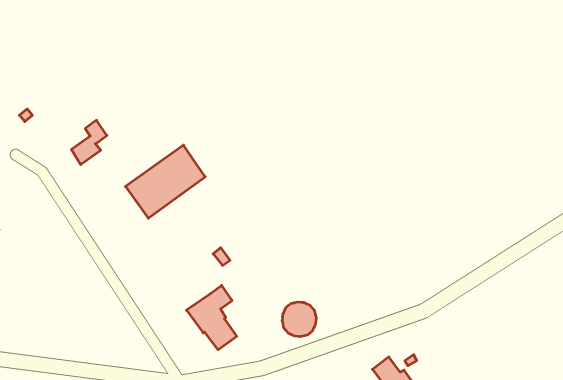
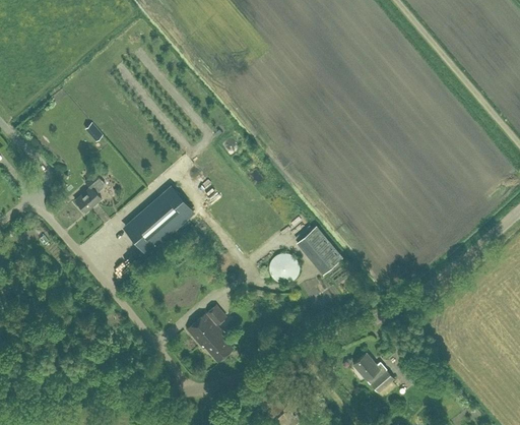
building: none -> [297,234,339,271]
building: [282,302,316,336] -> [268,254,298,284]

